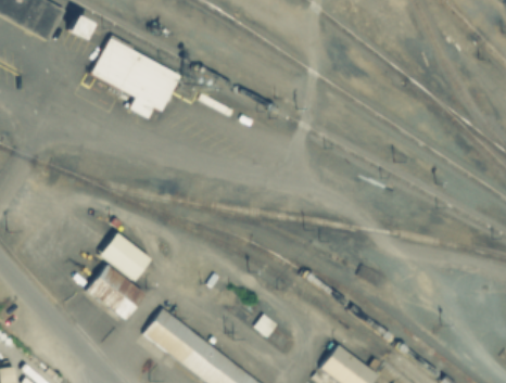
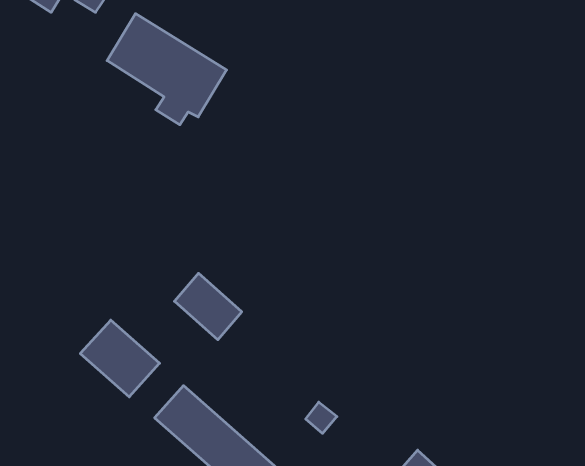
building: [99,232,149,280] -> [174,273,242,340]

